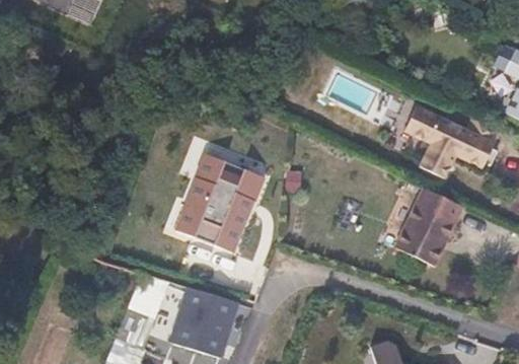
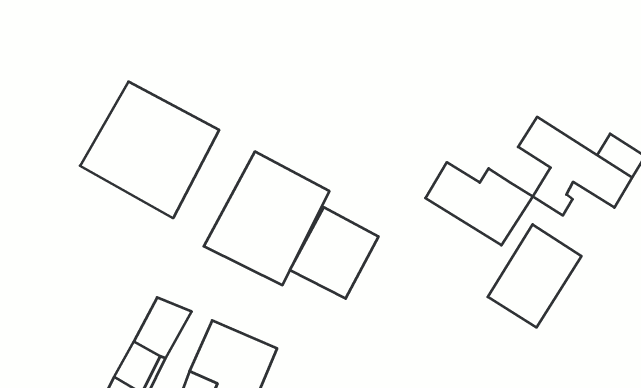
building: none -> [80,82,219,218]
building: none -> [425,162,533,245]
building: none -> [290,207,378,299]

